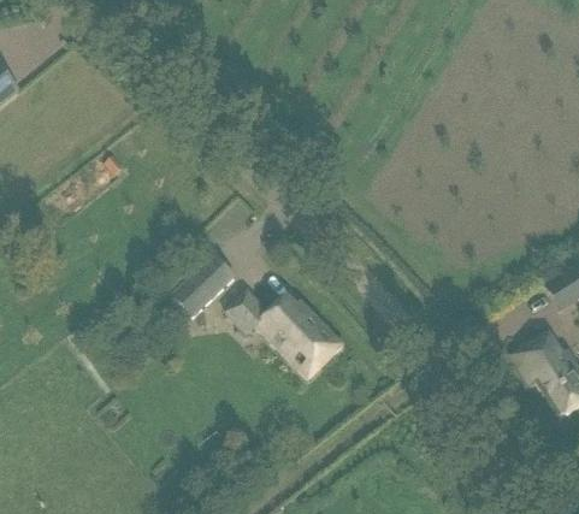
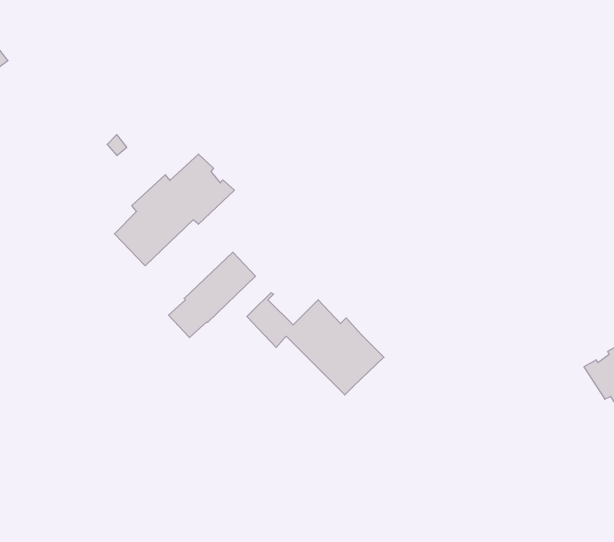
building: none -> [114,154,234,266]

